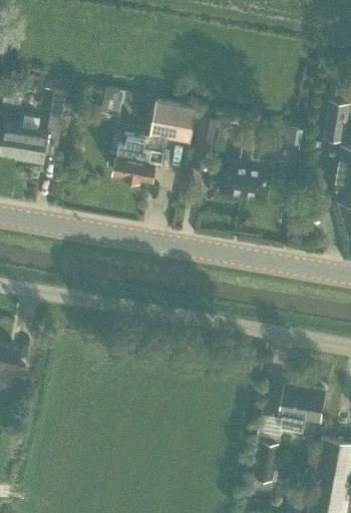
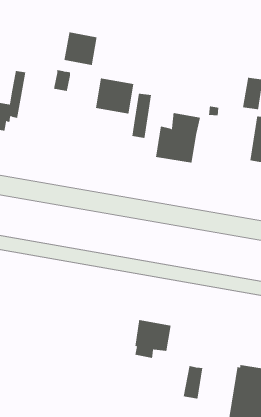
building: none -> [64,31,97,66]
building: [113,134,163,177] -> none
building: [280,386,324,432] -> [134,320,172,358]

